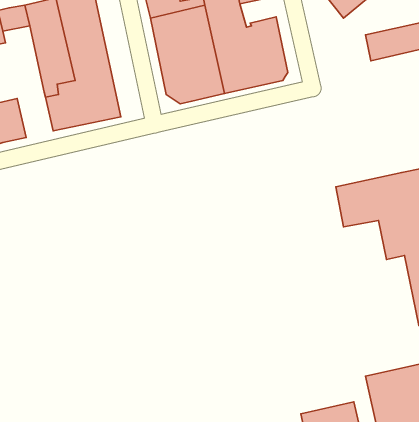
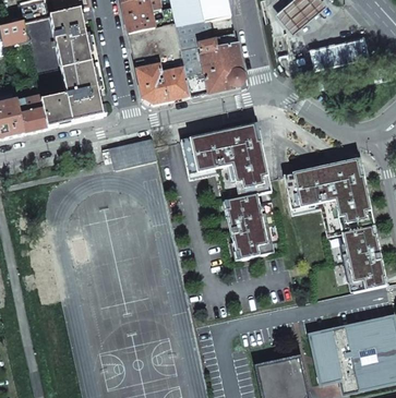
building: none -> [16,95,47,133]
building: none -> [182,124,271,258]
building: none -> [103,138,156,168]

